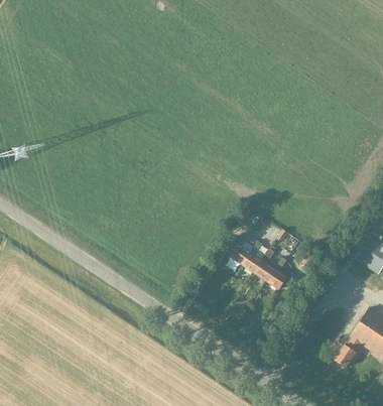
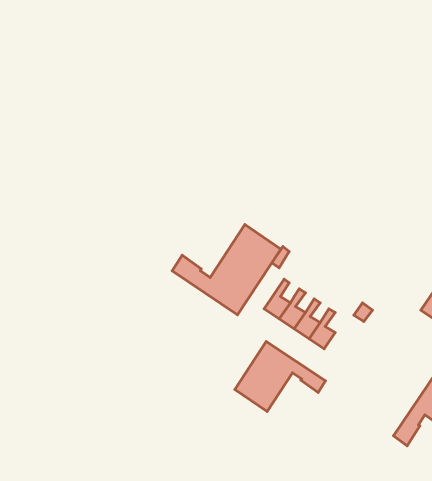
building: none -> [172,225,281,315]
building: none -> [235,342,325,412]

